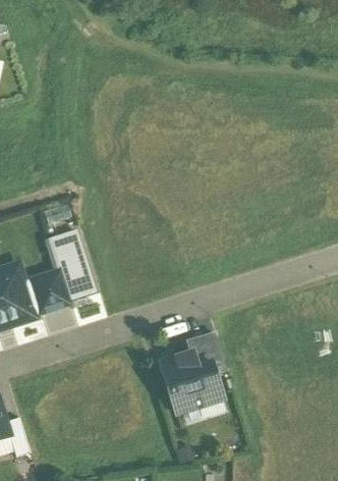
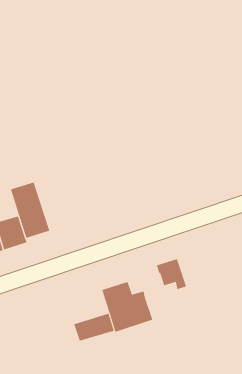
building: [188,334,226,373] -> [156,258,187,290]
building: none -> [73,313,114,342]

